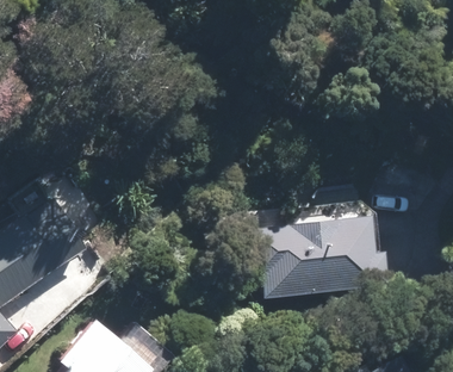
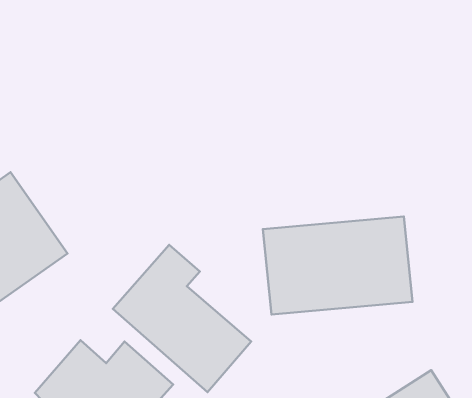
building: none -> [113,245,251,392]

